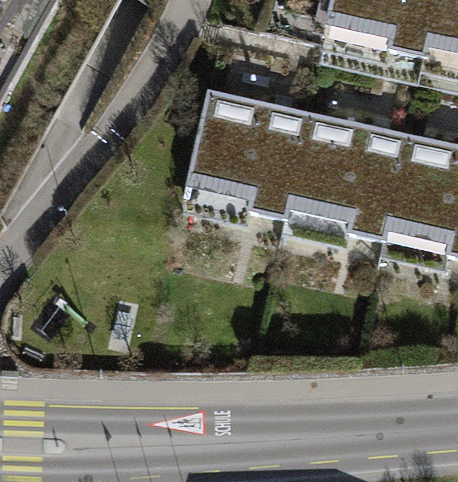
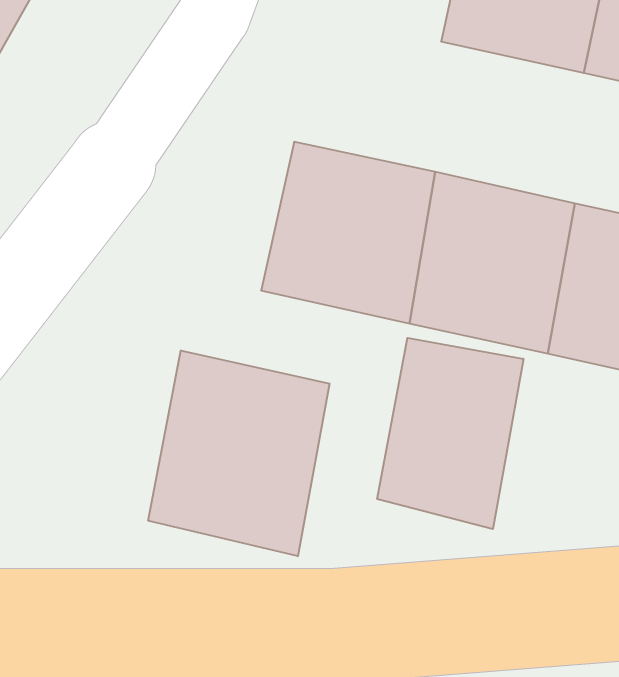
building: none -> [377,338,523,529]
building: none -> [148,350,330,556]

